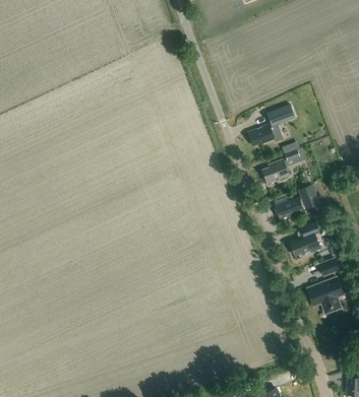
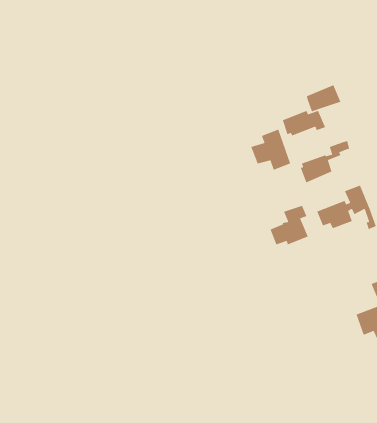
building: none -> [250,129,291,171]
building: [289,222,320,255] -> [270,205,309,246]

